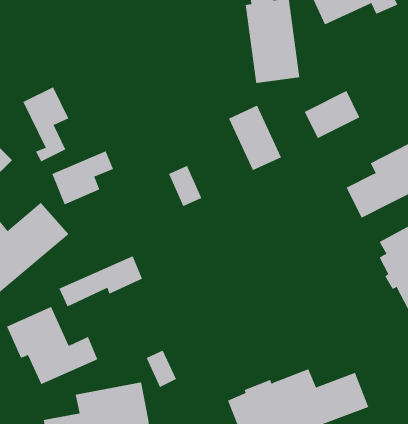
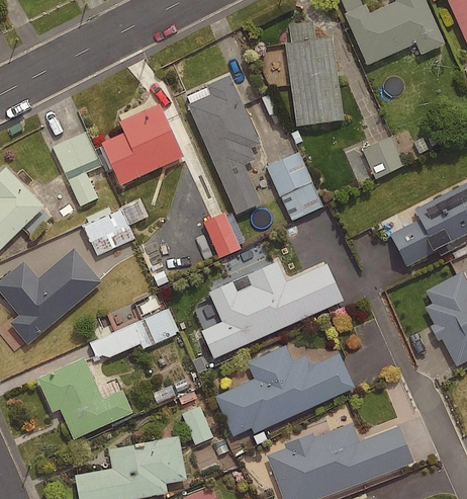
building: none -> [188,75,261,214]
building: none -> [101,103,183,185]
building: none -> [201,262,343,358]
building: none -> [216,347,355,435]

